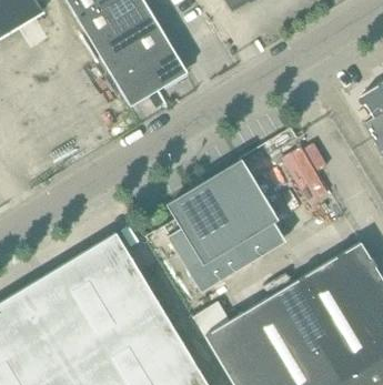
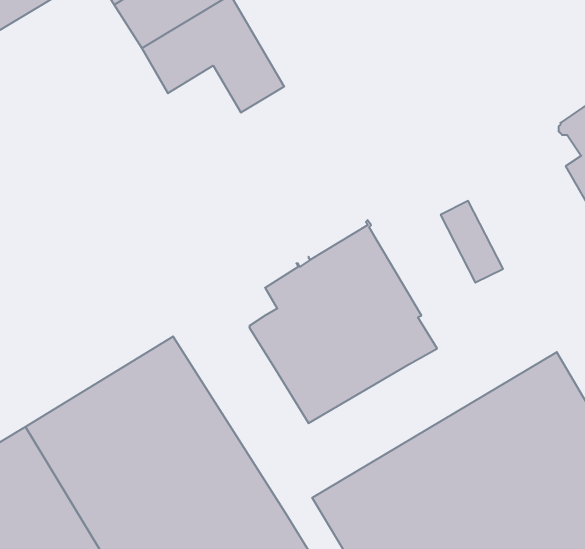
building: [111,59,158,105] -> none

